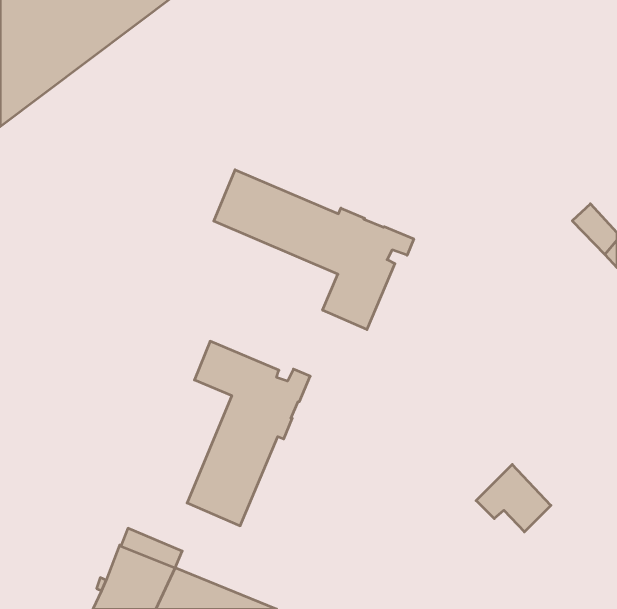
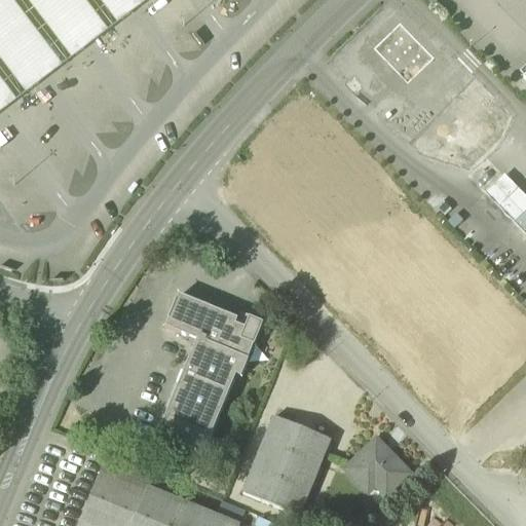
building: [214,170,414,330] -> none
building: [476,464,551,532] -> [345,437,409,494]
building: none -> [242,414,331,514]

